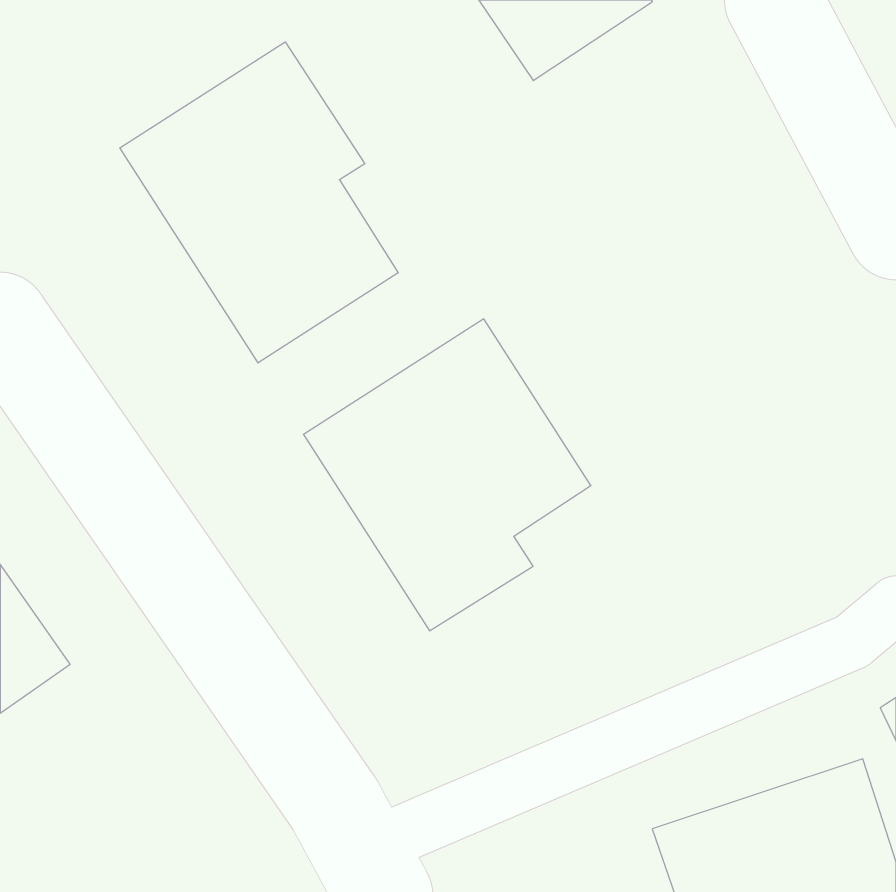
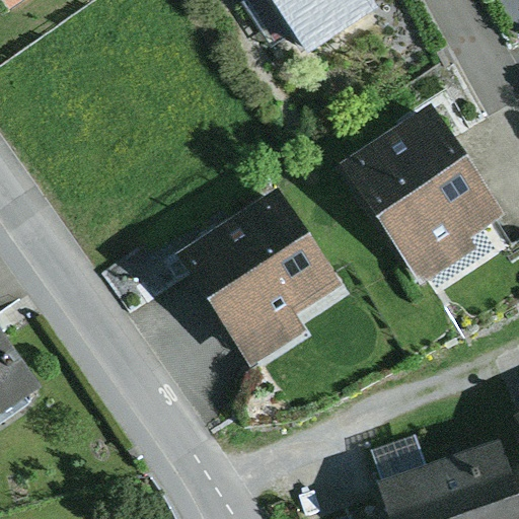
building: [120,42,398,363] -> none
building: none -> [341,103,504,287]

